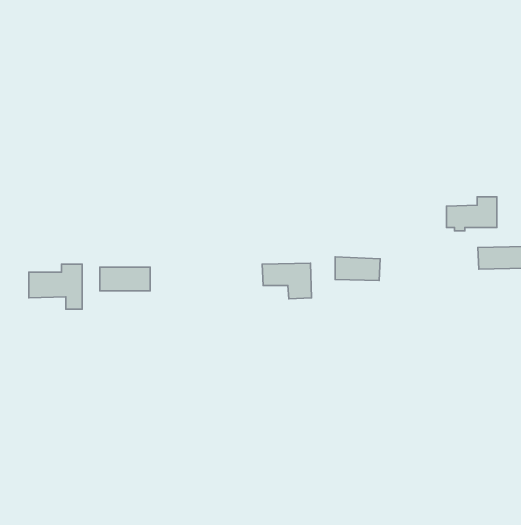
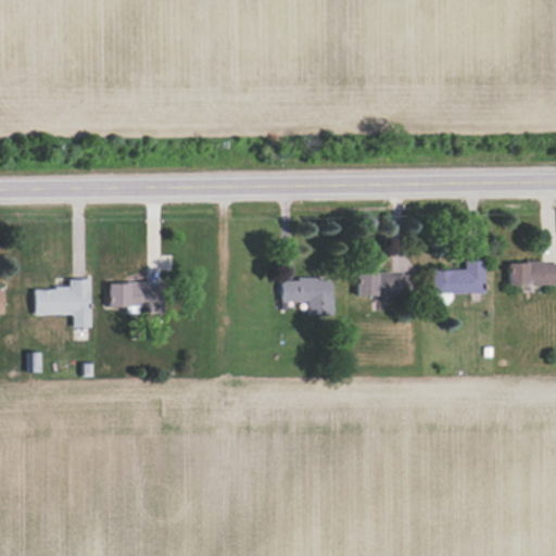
building: [446,197,497,231] -> [432,261,485,296]

